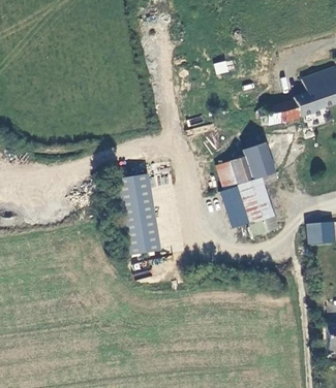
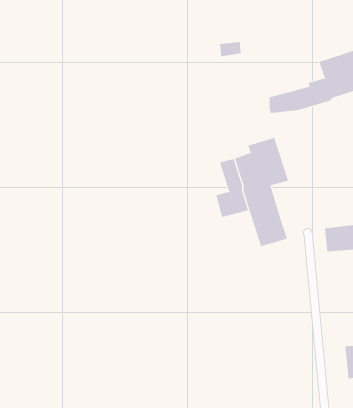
building: [117,174,158,255] -> none

